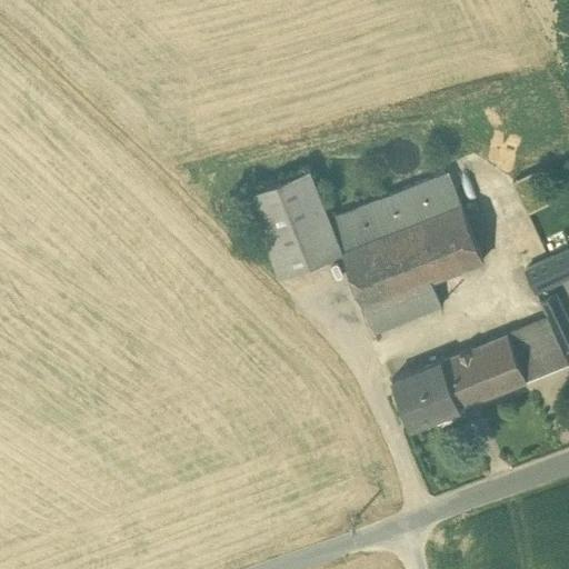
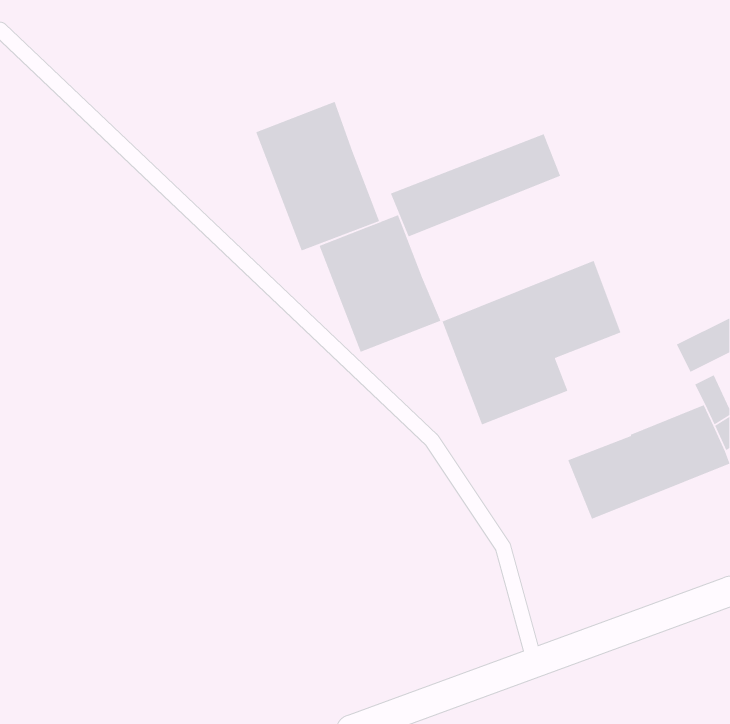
building: none -> [255,101,380,251]
building: [329,173,462,254] -> [390,133,561,237]
building: [392,362,460,429] -> none

